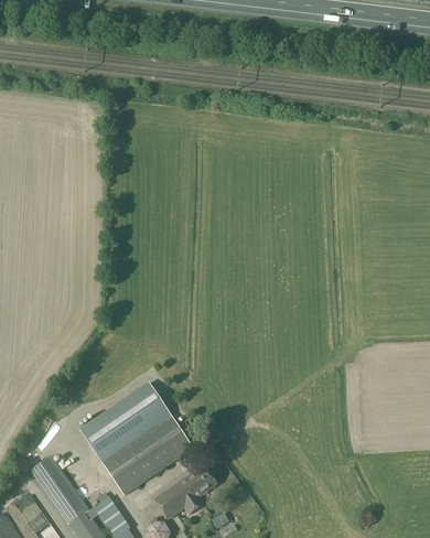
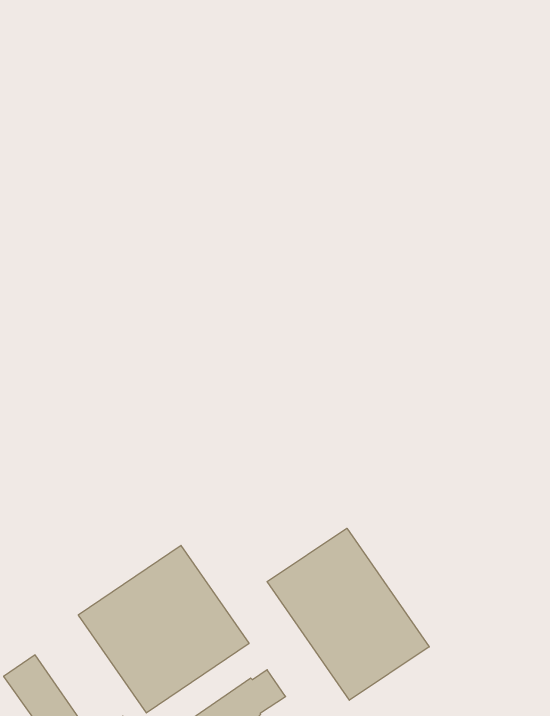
building: none -> [267,528,429,700]

